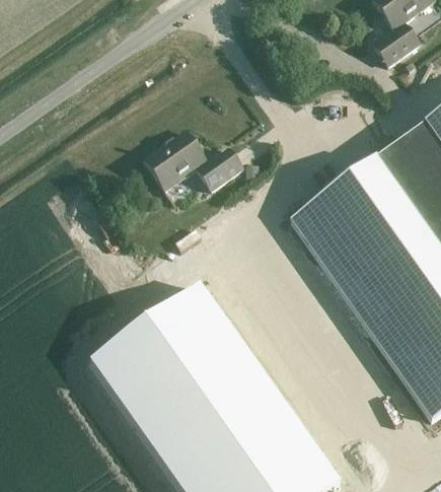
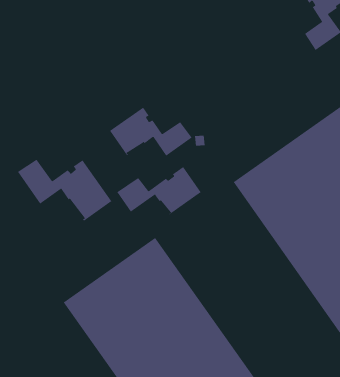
building: none -> [17,159,112,222]
building: none -> [117,166,202,215]

